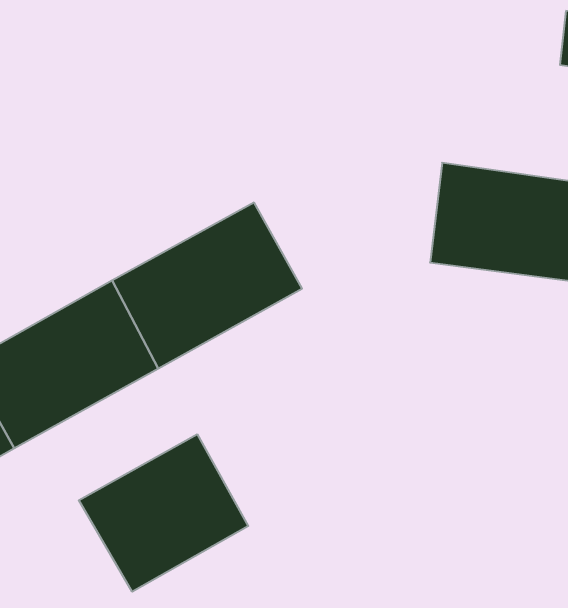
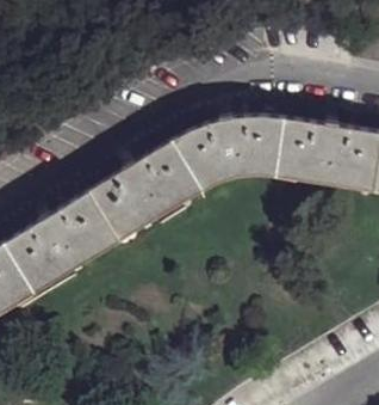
building: none -> [178,119,290,195]
building: [79,434,248,592] -> none

